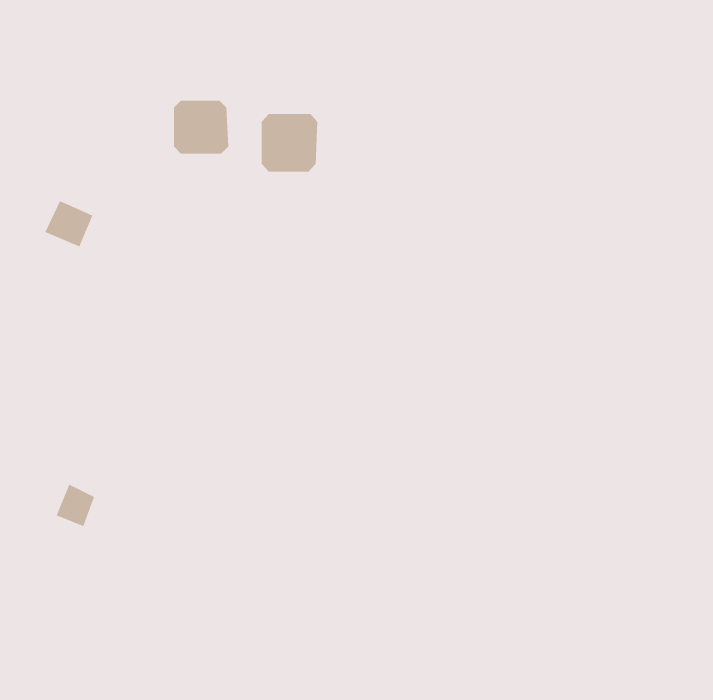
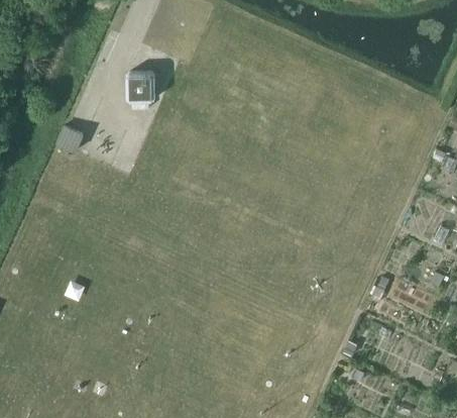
building: [261,113,318,172] -> none

